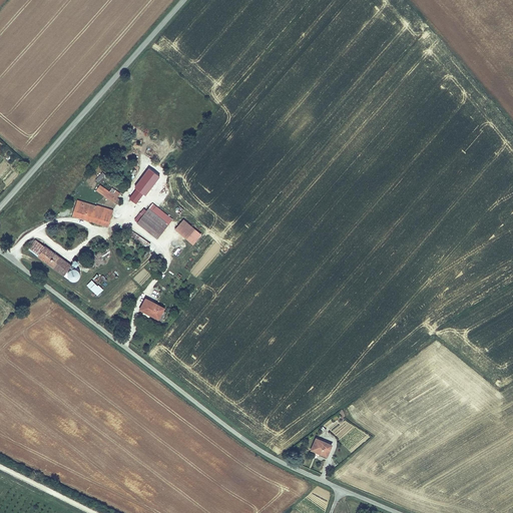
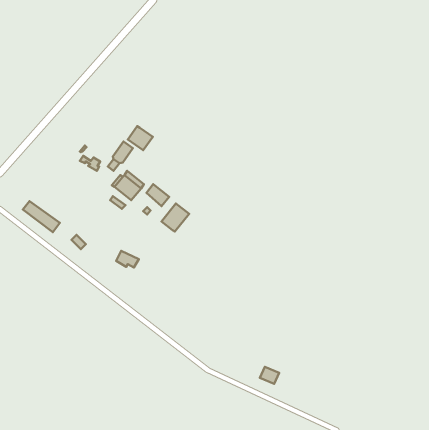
building: none -> [128,126,153,150]
building: [72,200,112,225] -> none
building: none -> [161,204,189,232]

